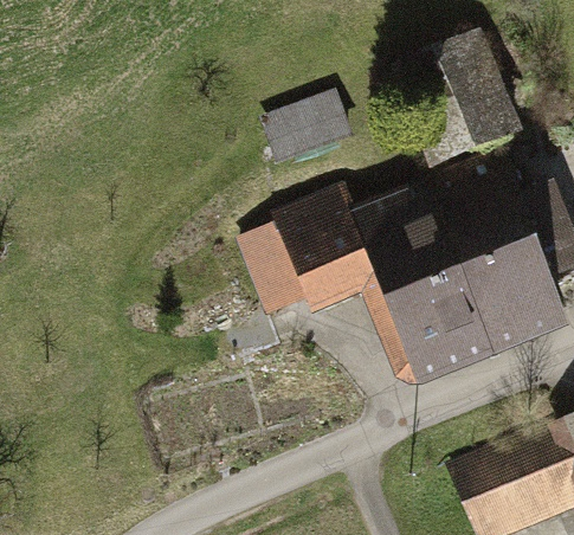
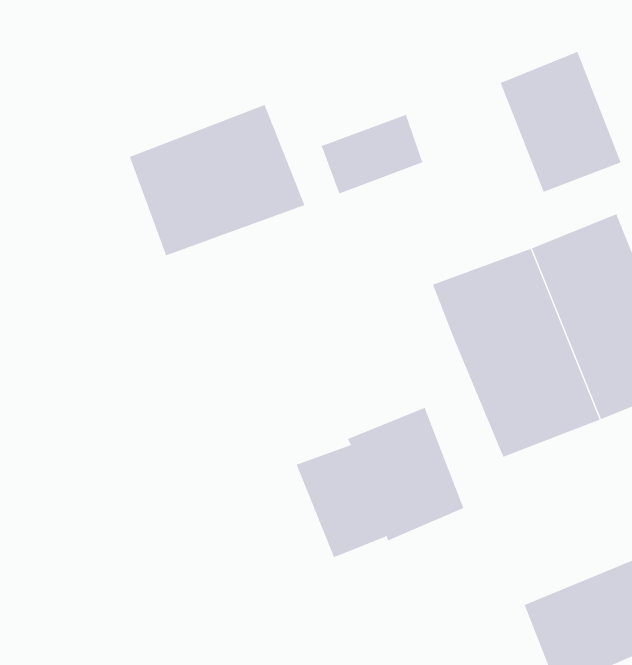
building: none -> [129,104,305,256]
building: [246,194,379,312] -> [296,407,464,558]

